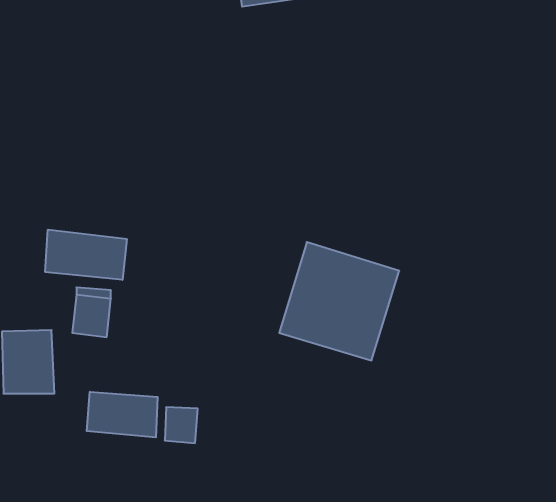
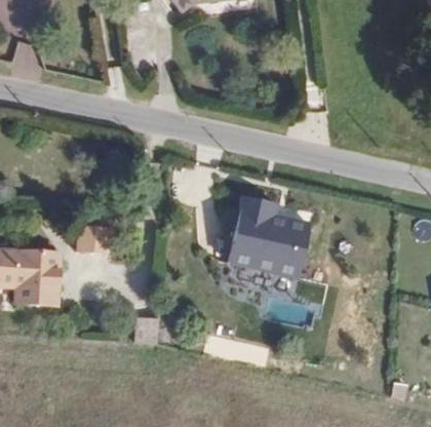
building: [45,230,127,280] -> none
building: [87,392,158,437] -> none

